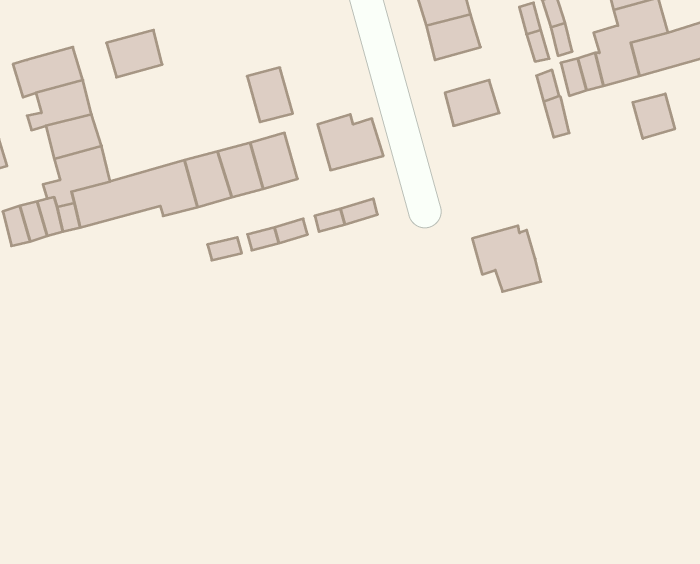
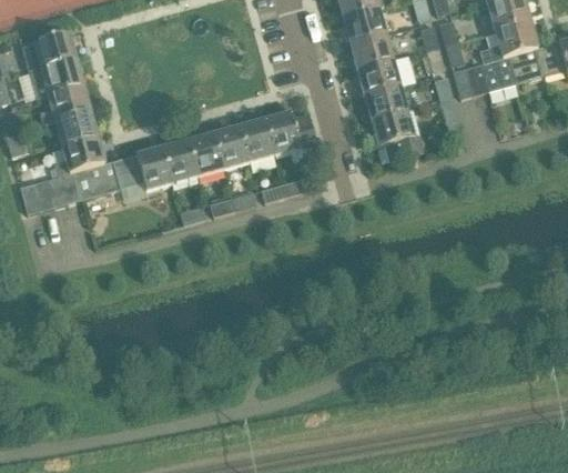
building: [106,30,162,77] -> [32,32,75,69]
building: none -> [356,56,412,94]
building: [247,68,293,122] -> [240,119,275,161]
building: [633,94,675,139] -> none
building: [472,226,541,292] -> [371,110,424,161]

